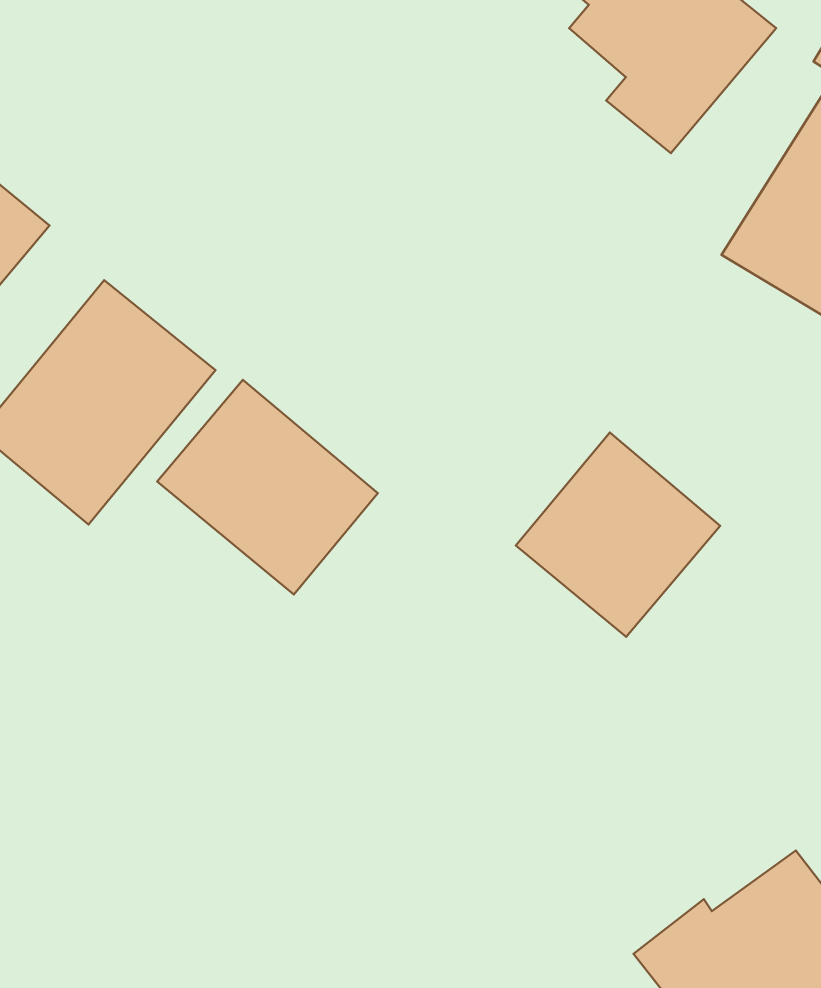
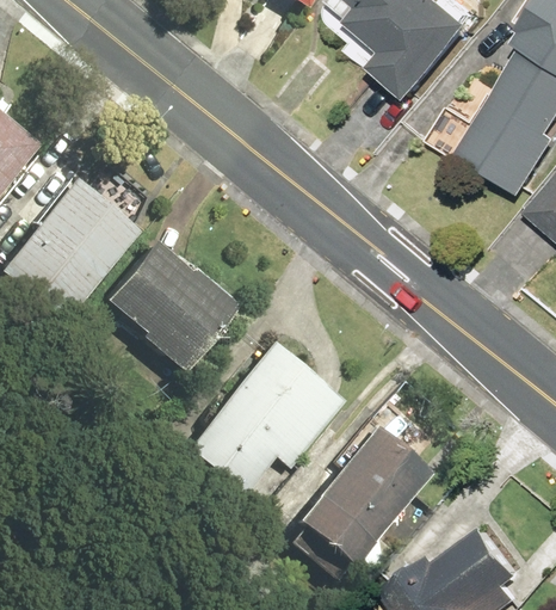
building: [516,433,720,637] -> none
building: none -> [184,338,350,495]
building: none -> [296,423,434,567]

